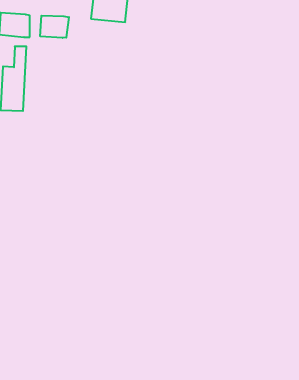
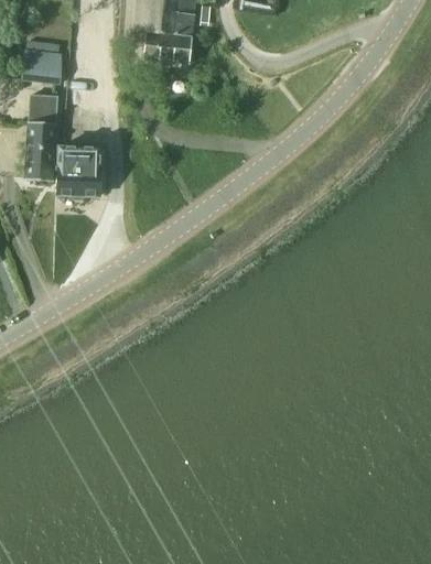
building: [40,16,69,38] -> none
building: none -> [55,143,107,194]

